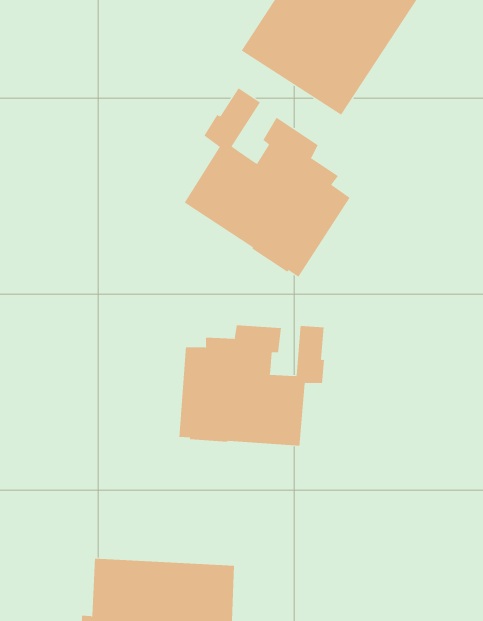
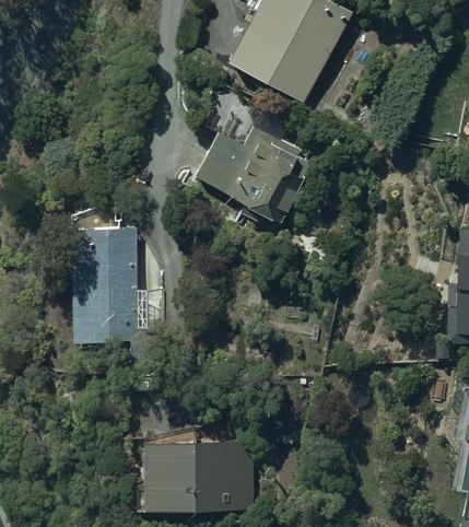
building: none -> [73,227,168,342]
building: [179,324,324,446] -> none

